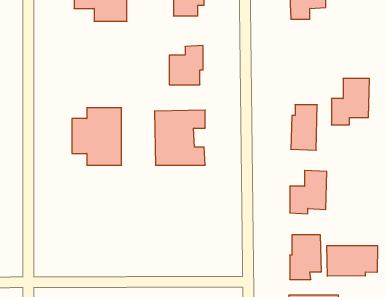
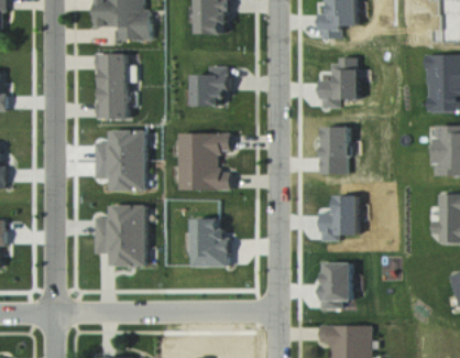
building: none -> [95,53,128,119]
building: [331,78,369,125] -> [320,58,360,107]
building: none -> [94,205,145,267]
building: none -> [195,218,230,267]
building: [327,246,378,276] -> none

